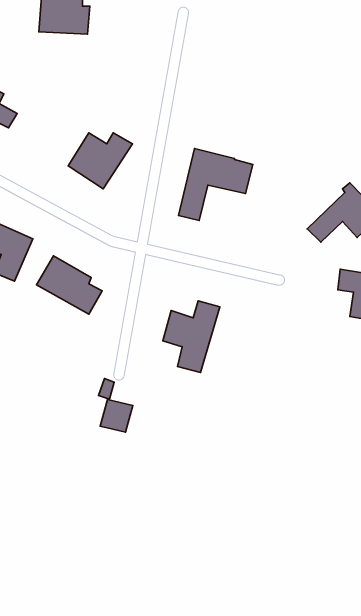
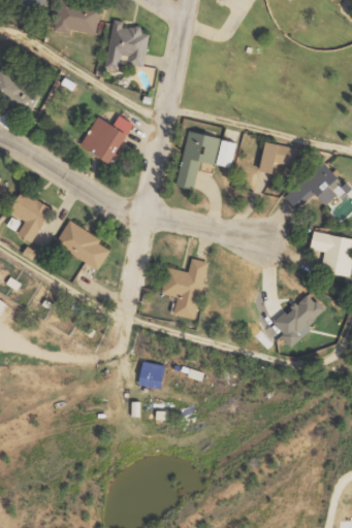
building: none -> [104,21,148,70]
building: none -> [261,143,300,173]
building: none -> [273,293,325,348]
building: [100,399,133,432] -> [138,362,166,390]

